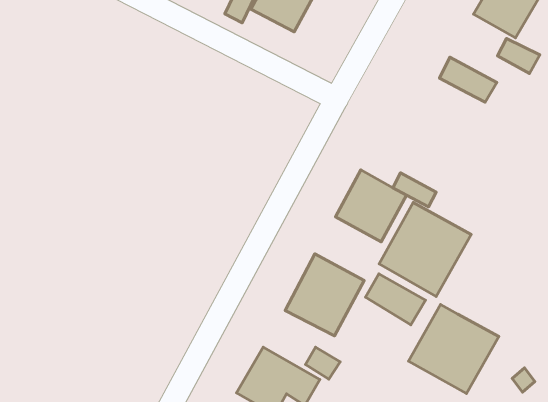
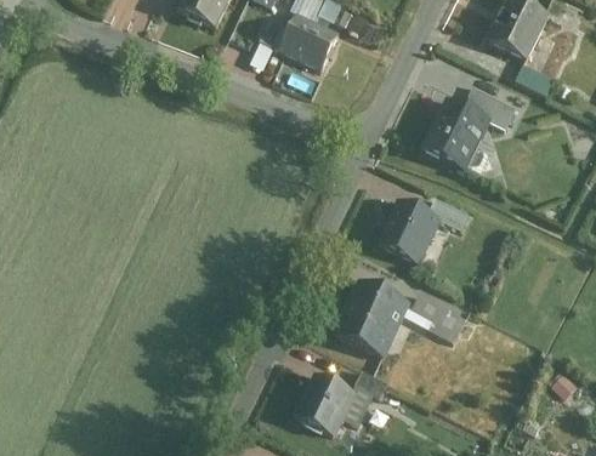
building: none -> [422,98,490,167]
building: [379,203,471,297] -> none
building: [408,304,499,393] -> none

